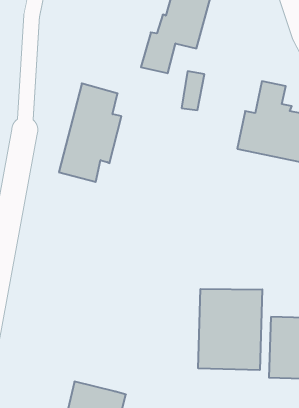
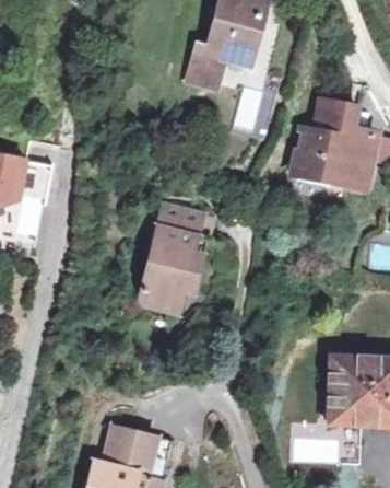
building: [59,83,121,182] -> [139,204,208,312]
building: [198,289,262,370] -> none

